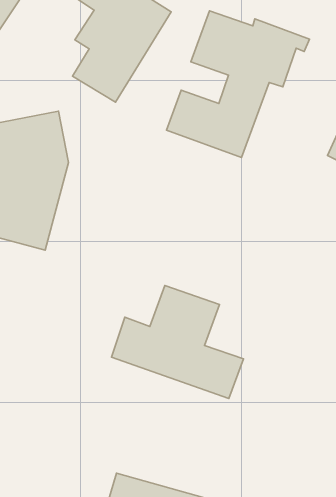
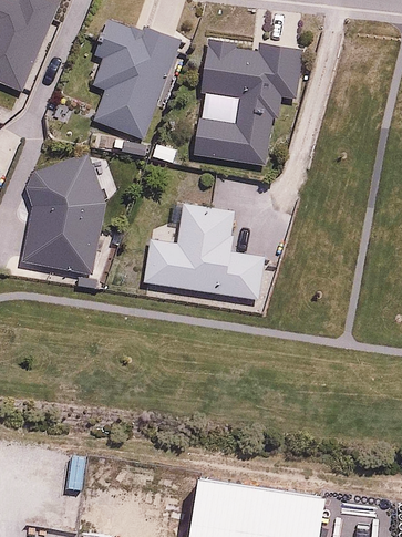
building: [111,285,243,398] -> [142,203,265,300]

